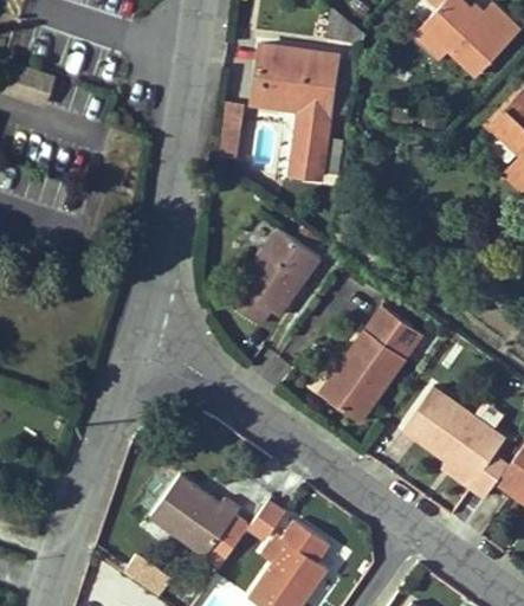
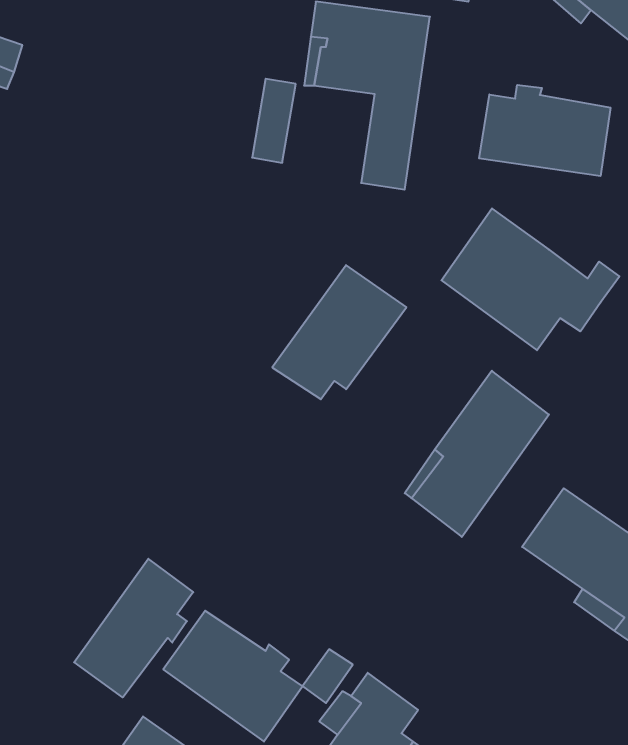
building: none -> [479,85,610,176]
building: none -> [441,208,619,350]
building: none -> [74,559,193,697]

